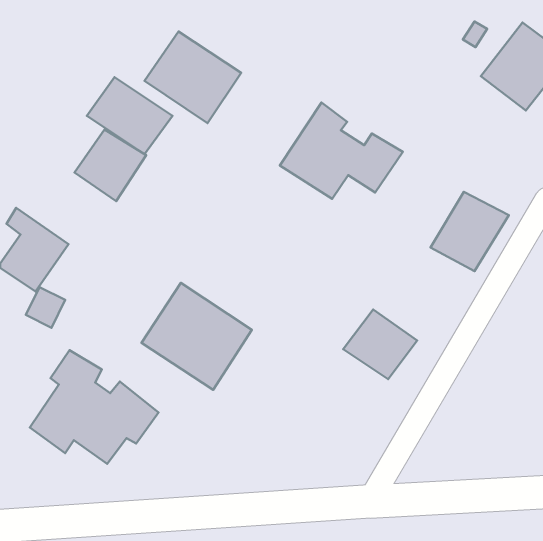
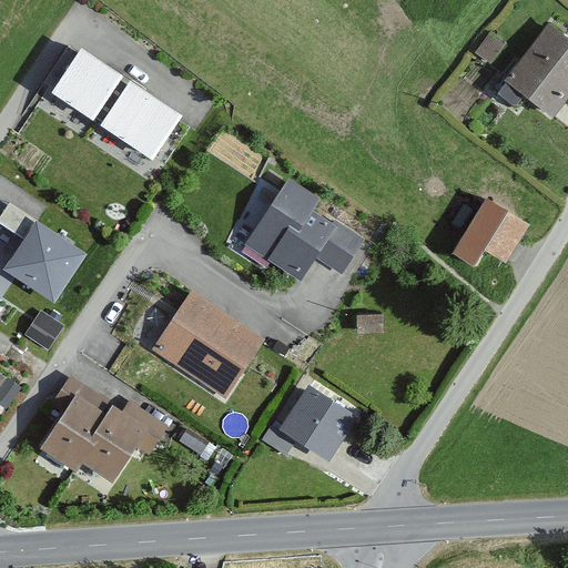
building: [144,31,241,123] -> none
building: [280,102,403,199] -> [242,176,369,276]
building: [74,130,146,201] -> [45,45,120,120]
building: [343,309,417,379] -> [277,385,354,457]

